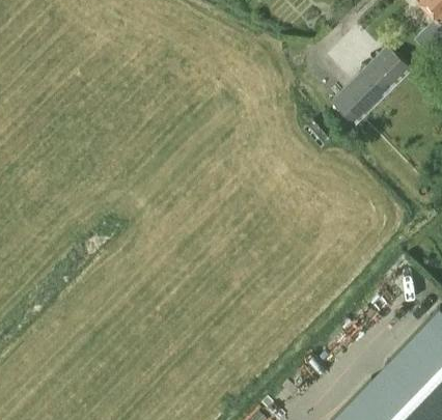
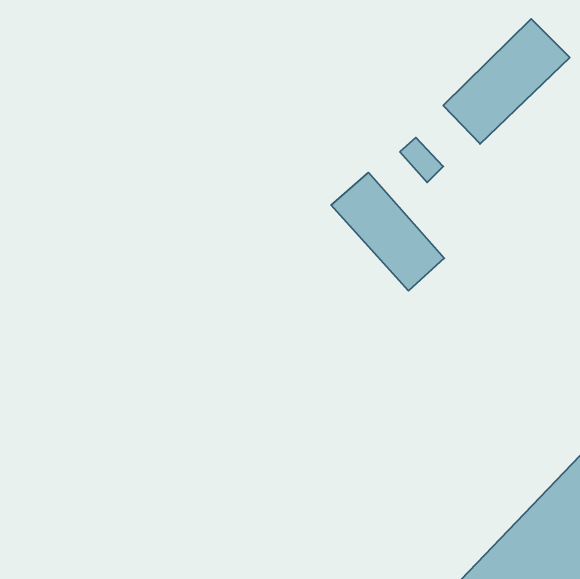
building: none -> [331,173,444,291]

